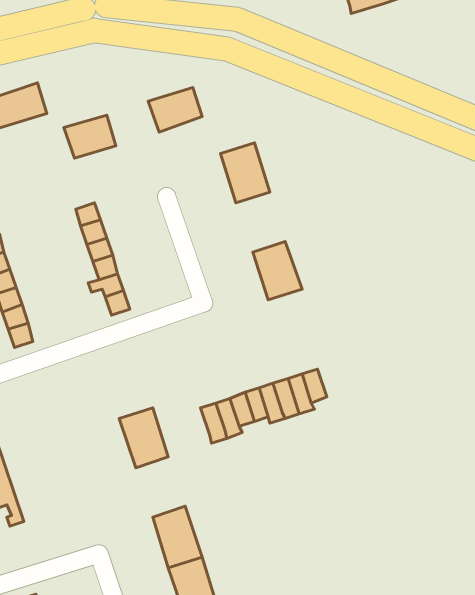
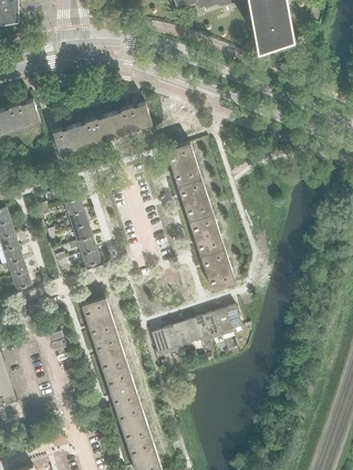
building: none -> [83,112,121,144]
building: none -> [176,177,211,220]
building: none -> [199,247,235,290]
building: none -> [81,296,116,340]
building: none -> [104,367,139,410]

